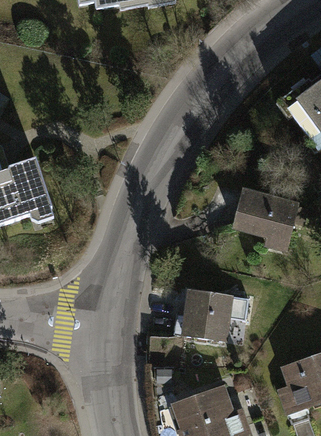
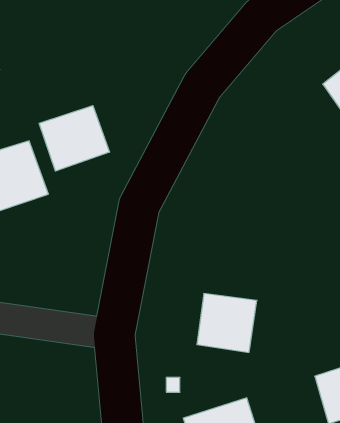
building: none -> [39,106,109,171]
building: [235,192,297,244] -> none

